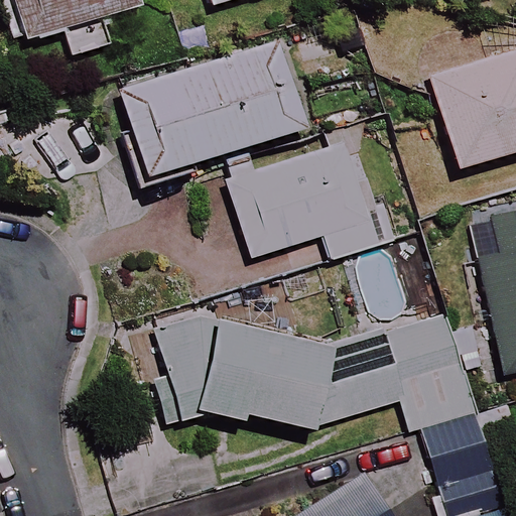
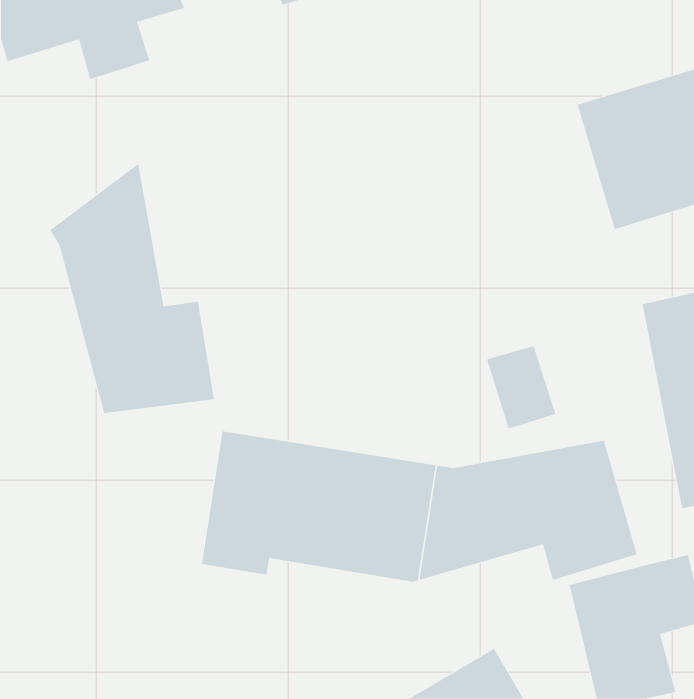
building: [120,41,305,175] -> none
building: none -> [49,163,214,414]
building: [227,140,379,259] -> none

